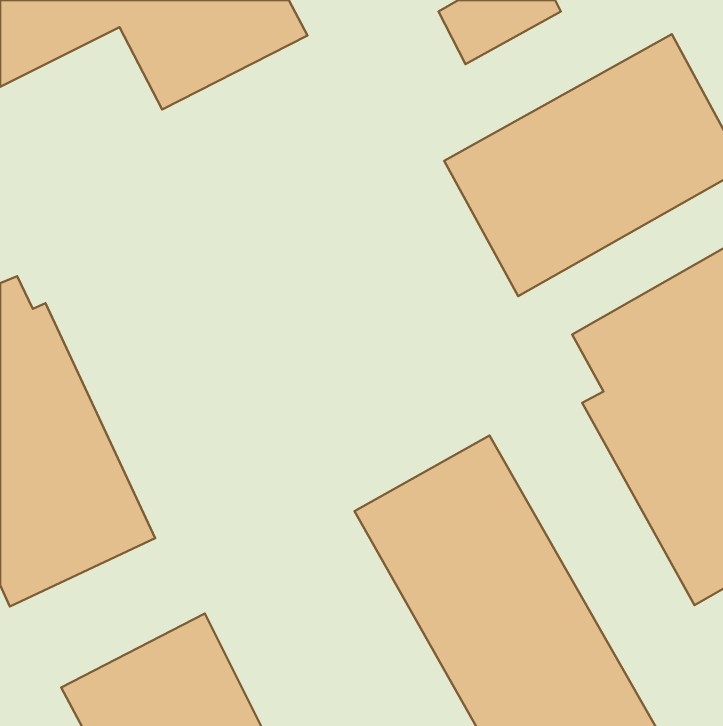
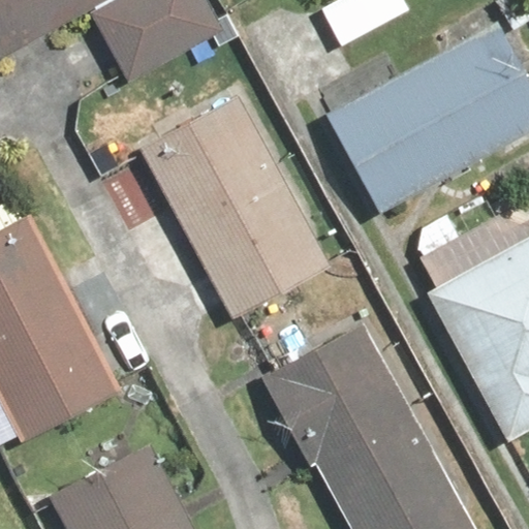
building: none -> [139,98,325,309]

